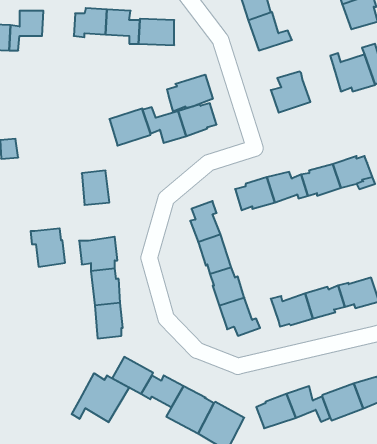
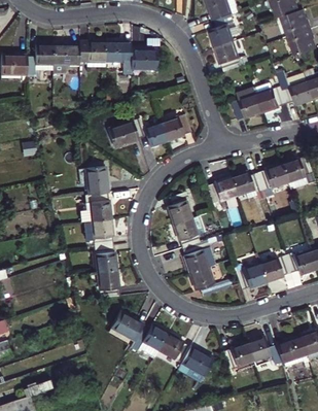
building: none -> [54,43,79,65]
building: none -> [255,83,286,114]
building: [167,75,213,112] -> none
building: [31,228,65,267] -> [83,193,110,222]
building: [72,373,129,422] -> none

